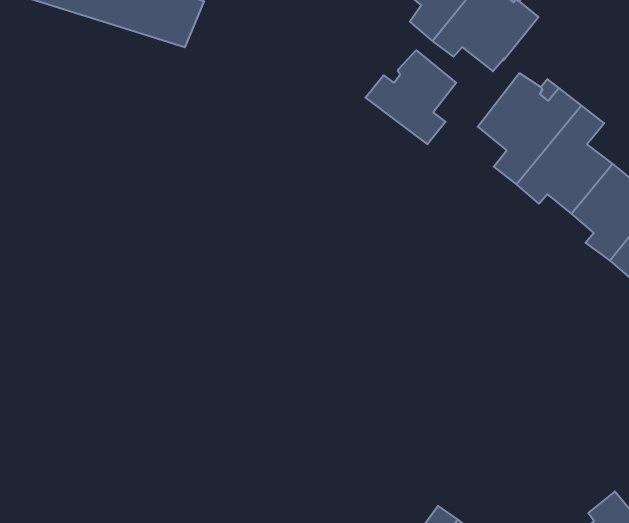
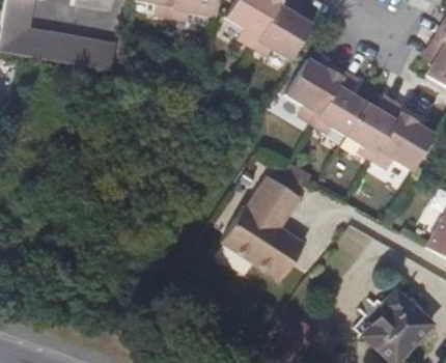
building: [365,50,456,144] -> none
building: none -> [222,175,307,281]

